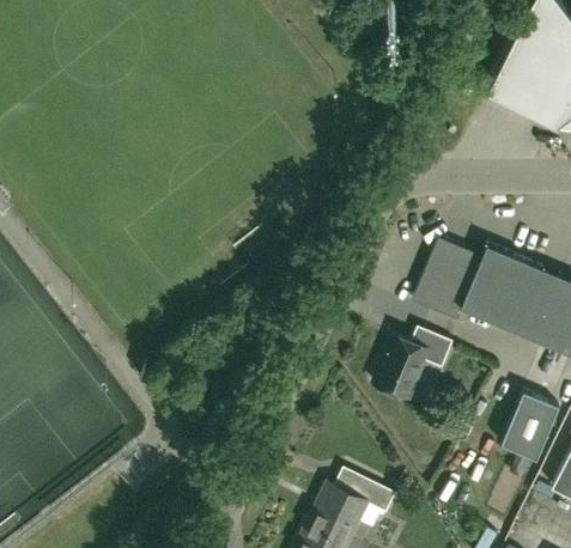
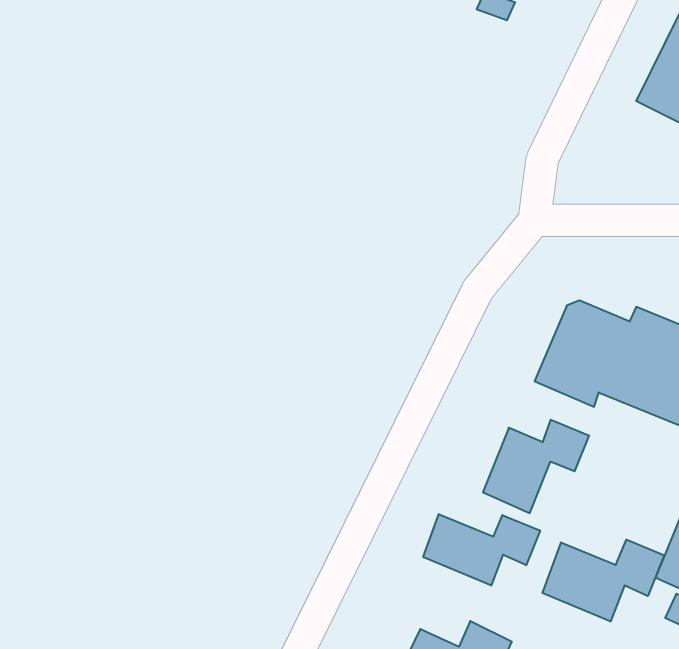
building: none -> [423,514,540,586]
building: none -> [542,540,664,622]

